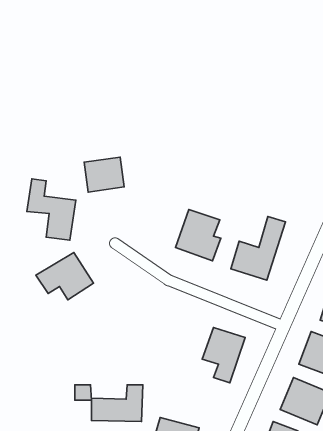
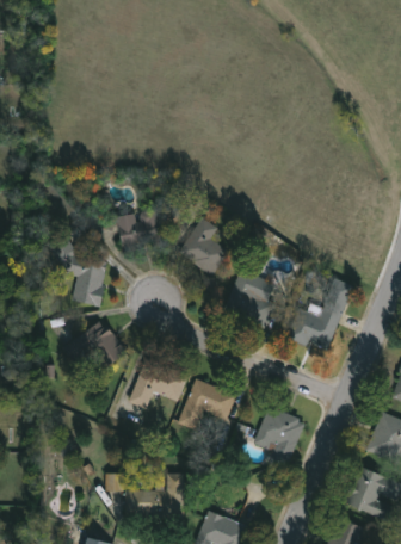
building: none -> [178,216,228,276]
building: none -> [130,357,189,407]
building: none -> [178,378,235,429]

